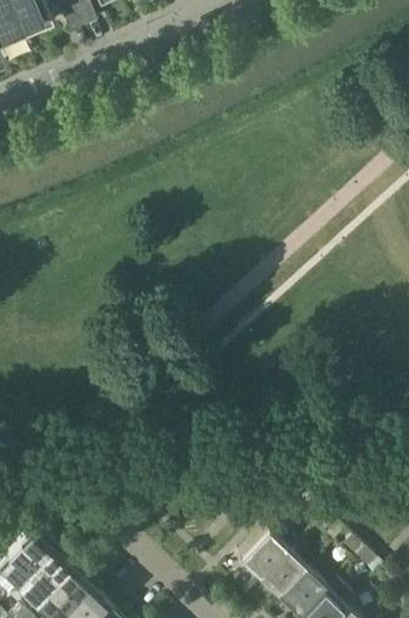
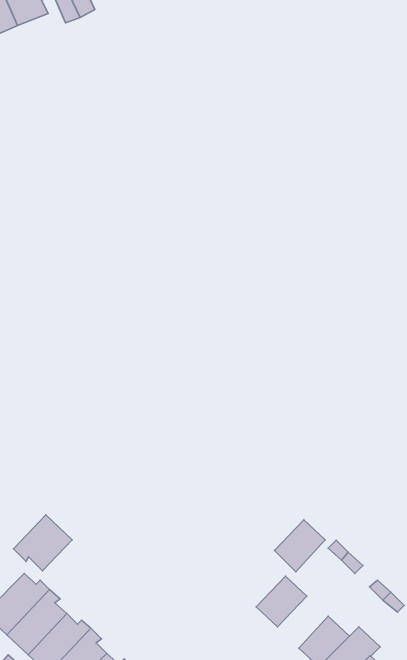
building: none -> [14,515,72,571]
building: [263,552,309,599] -> [275,520,325,572]

